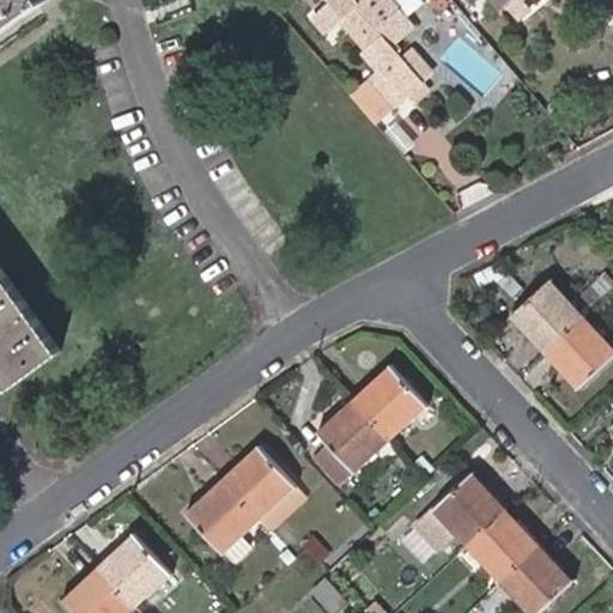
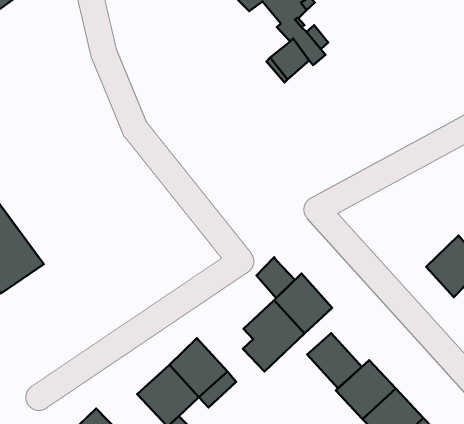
building: [509,278,584,354] -> none
building: none -> [256,257,295,298]
building: none -> [307,333,362,388]

